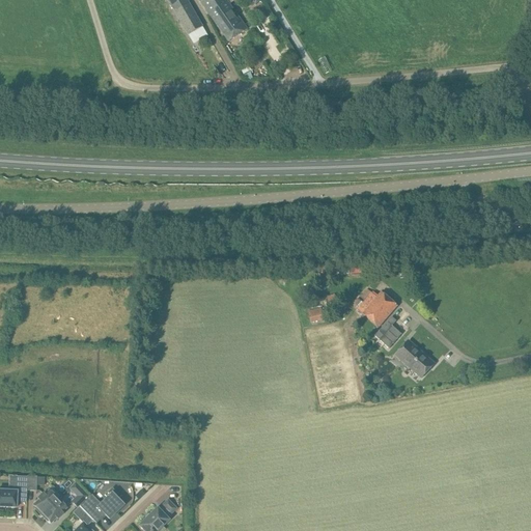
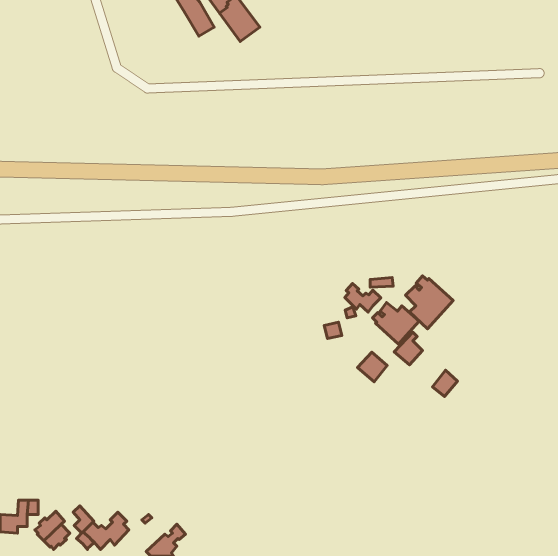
building: none -> [405,276,453,329]
building: none -> [345,283,381,312]
building: [395,339,423,367] -> [358,352,387,382]

